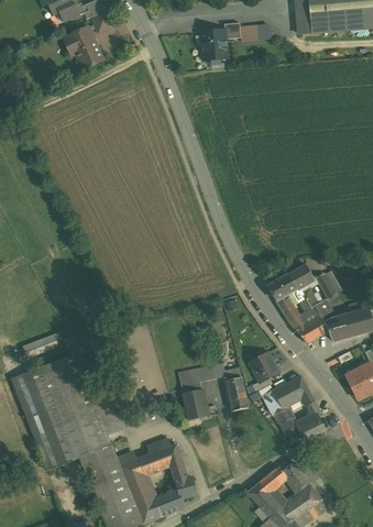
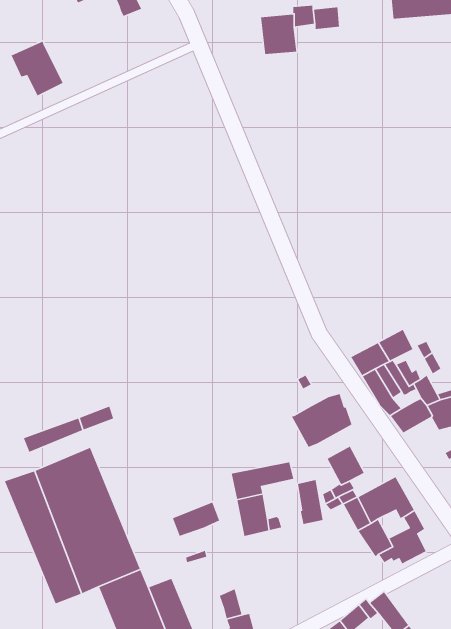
building: [63,26,102,68] -> [11,41,64,97]
building: none -> [291,393,353,448]
building: [144,443,180,470] -> [172,502,220,537]

